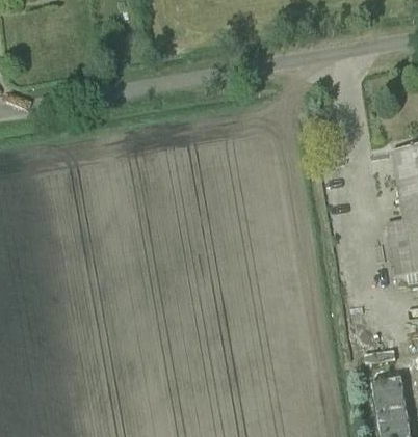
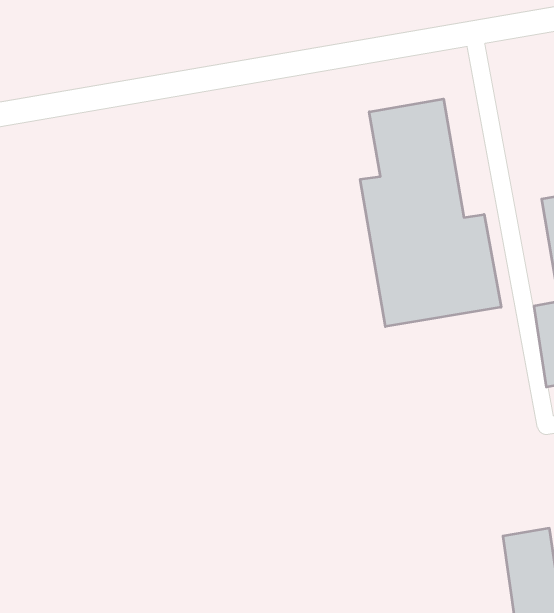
building: none -> [360,99,501,327]

